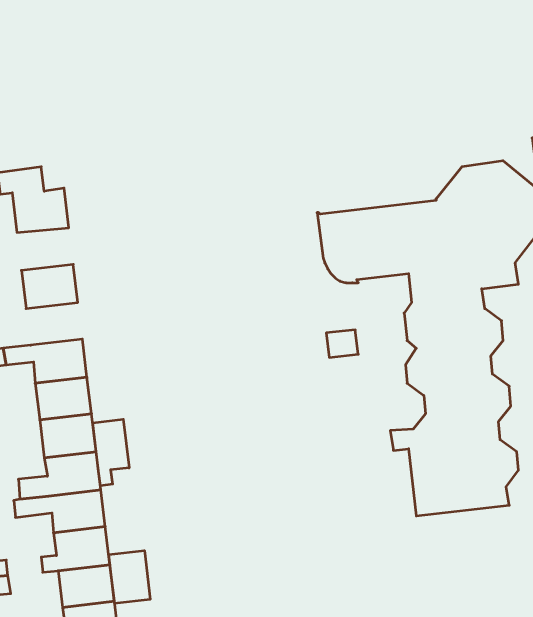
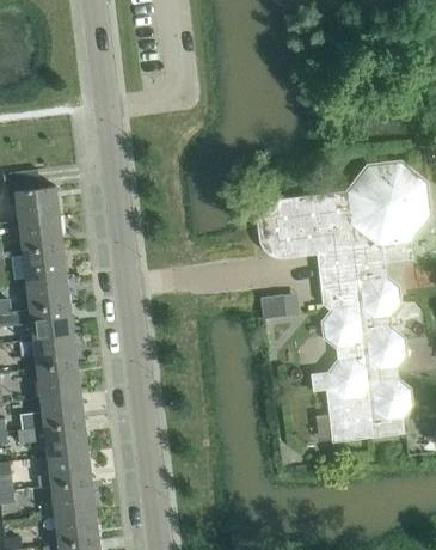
building: none -> [19,216,63,250]
building: none -> [26,275,70,308]
building: [93,419,129,486] -> none
building: [109,551,150,603] -> none

